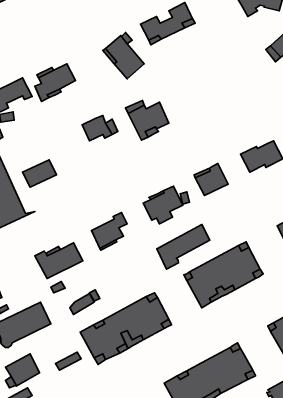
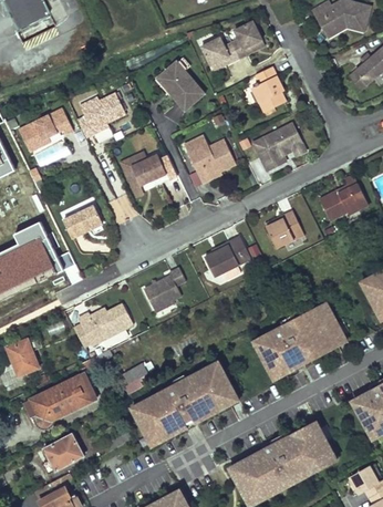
building: none -> [251,65,286,112]
building: none -> [252,122,307,169]
building: none -> [121,148,148,194]
building: [157,225,210,269] -> none

